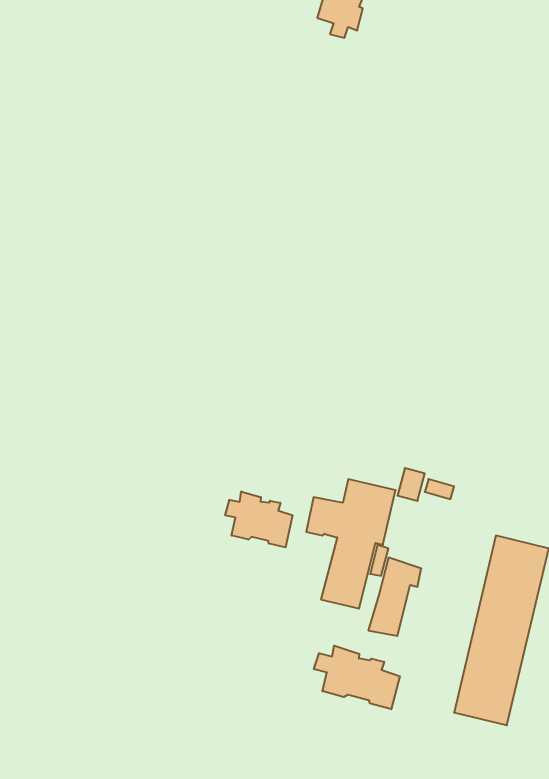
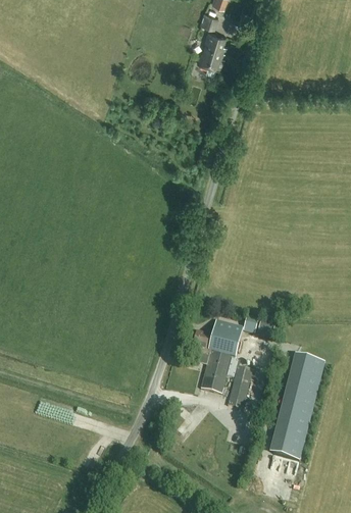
building: [225,491,293,547] -> none
building: [314,646,400,709] -> none

